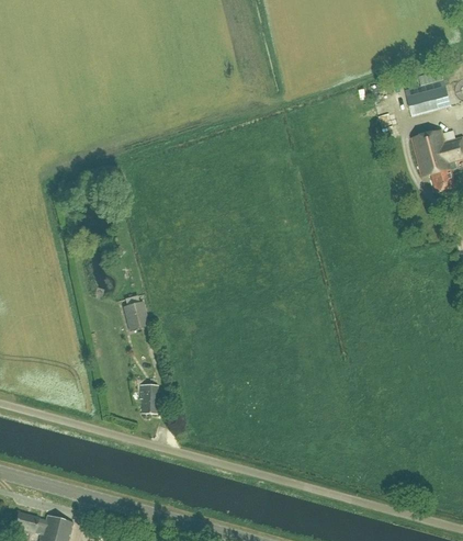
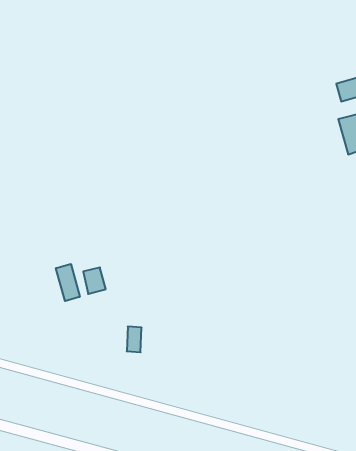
building: none -> [56,264,80,301]
building: [140,383,157,412] -> [127,327,142,352]

